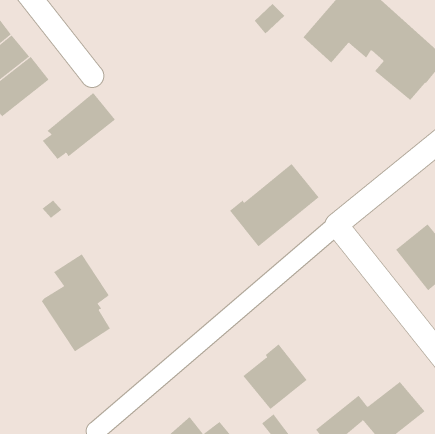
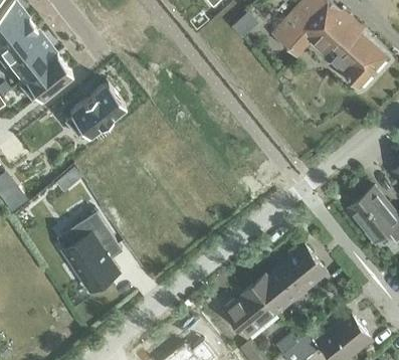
building: [229,163,319,247] -> [254,246,327,314]

